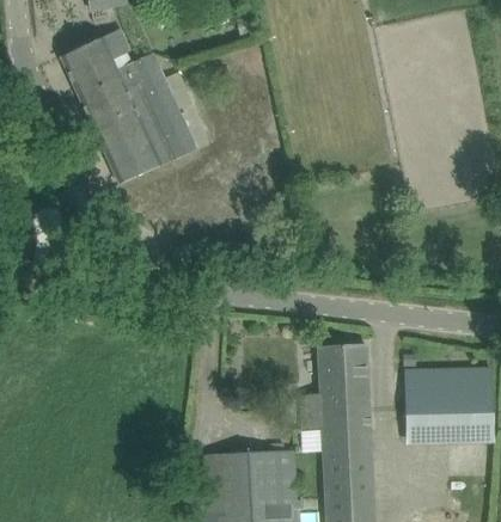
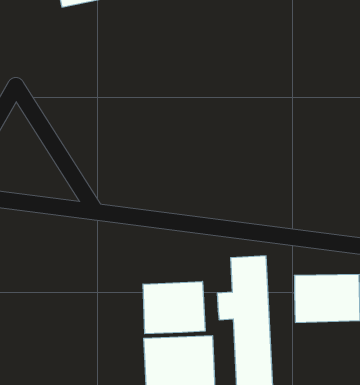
building: [62,30,197,185] -> none
building: none -> [143,281,205,334]

